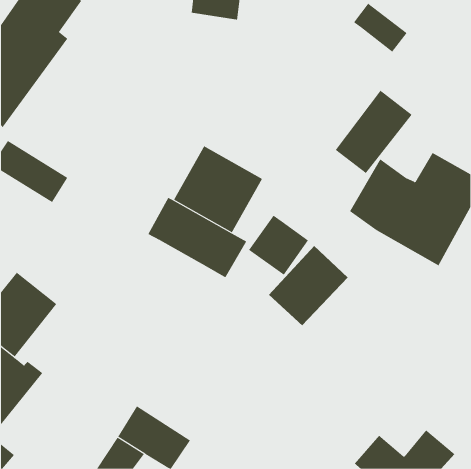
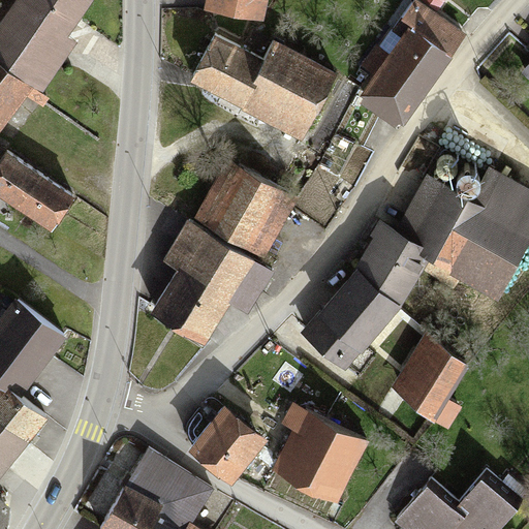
building: none -> [195,38,329,130]
building: [335,90,412,174] -> [353,31,440,125]
building: [248,215,309,275] -> [353,229,422,298]
building: none -> [156,270,228,338]
building: none -> [390,340,462,427]
building: none -> [187,407,264,481]
building: none -> [273,409,360,502]

